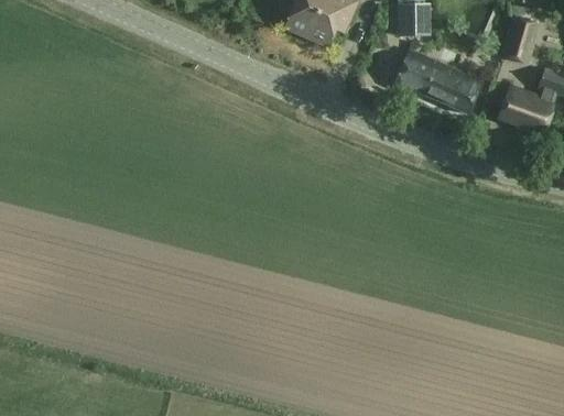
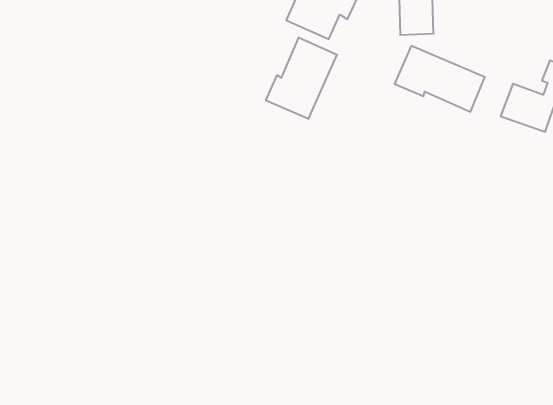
building: [501,15,540,64] -> none
building: none -> [266,37,337,119]

